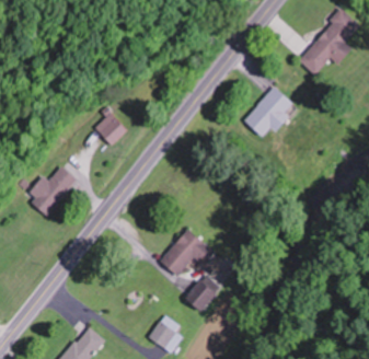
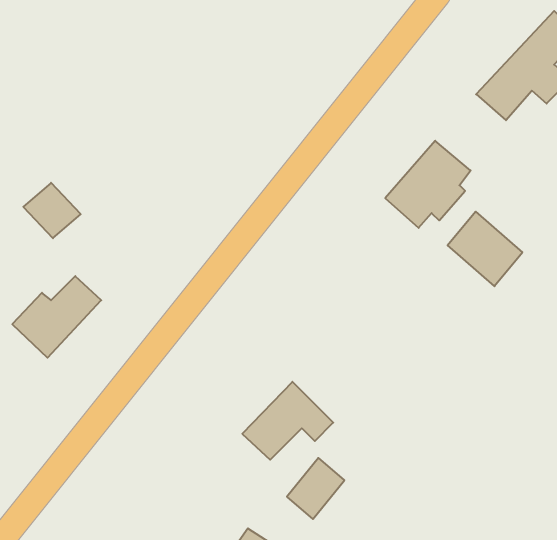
building: [93,113,127,146] -> [23,183,81,238]
building: none -> [448,212,522,286]

